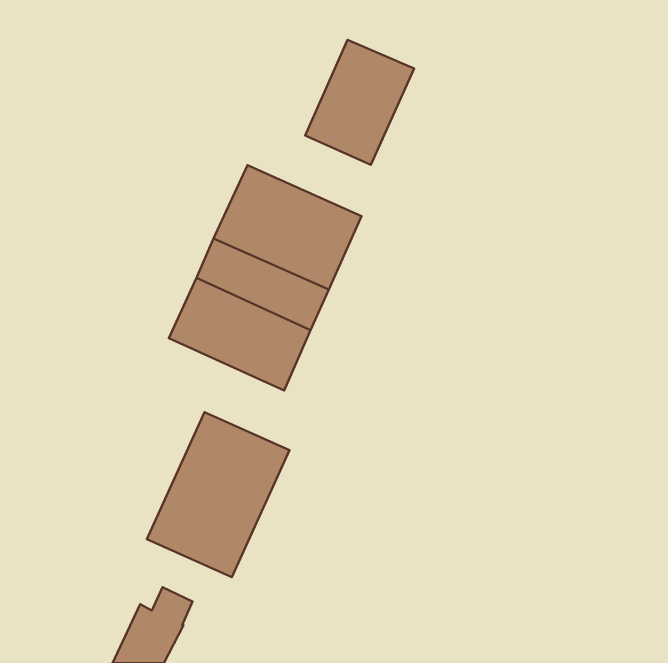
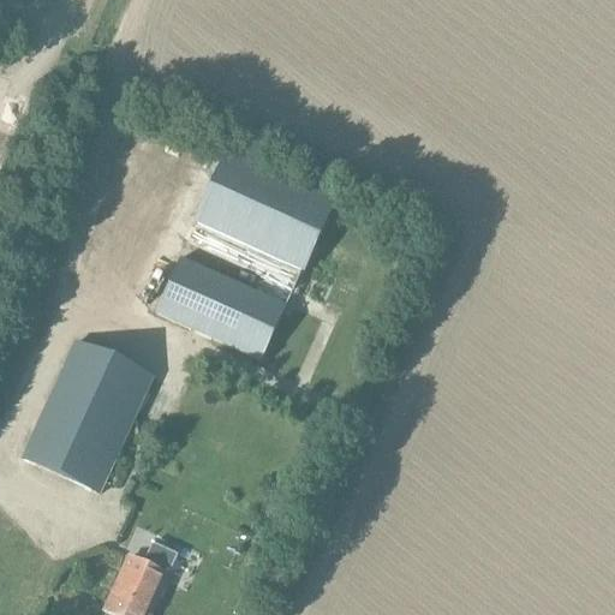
building: [305,40,414,165] -> none
building: [147,412,289,577] -> [22,340,153,491]

